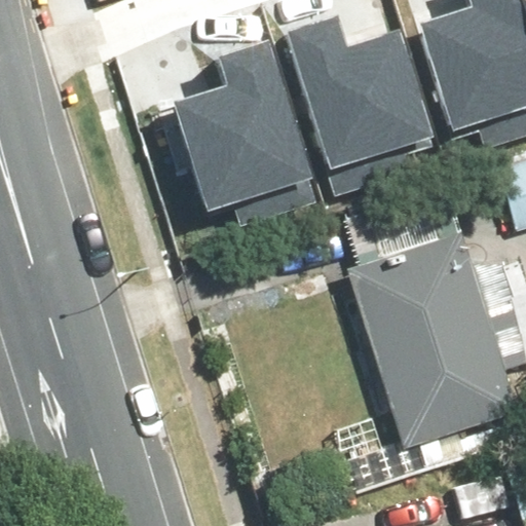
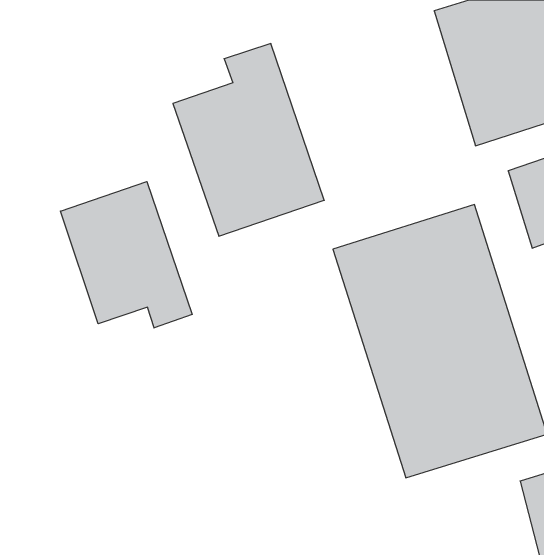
building: [290,23,441,185] -> none
building: none -> [60,182,192,328]

